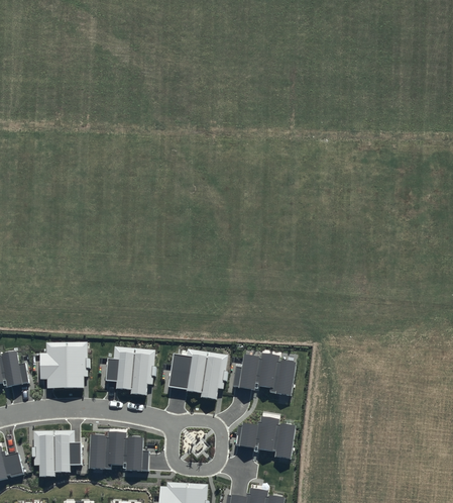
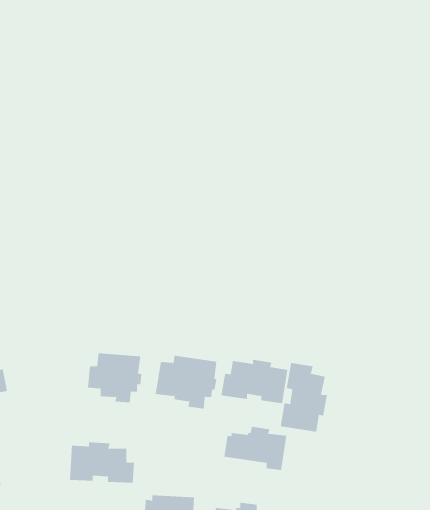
building: [39,342,89,388] -> none
building: none -> [280,362,327,433]
building: [33,430,81,477] -> none

